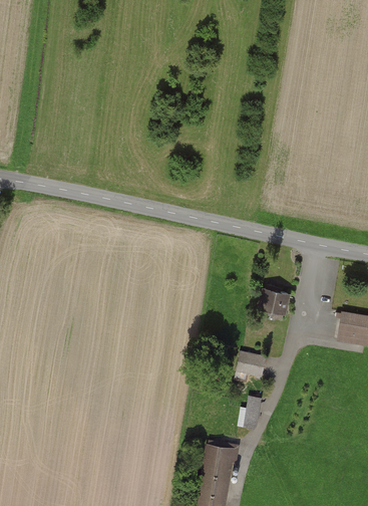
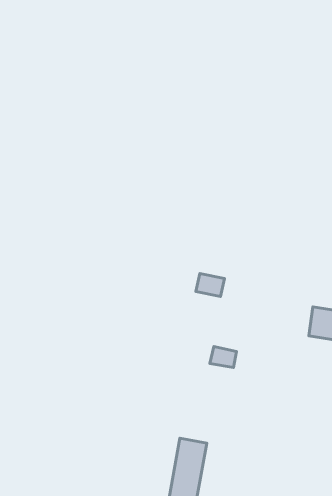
building: [260,290,289,313] -> [196,274,225,296]
building: [238,394,263,428] -> none

